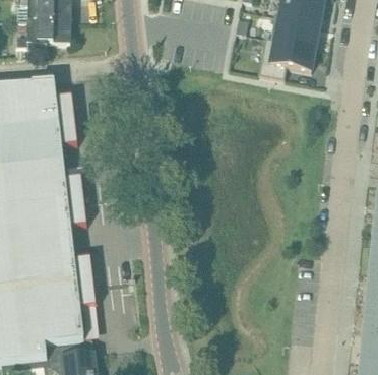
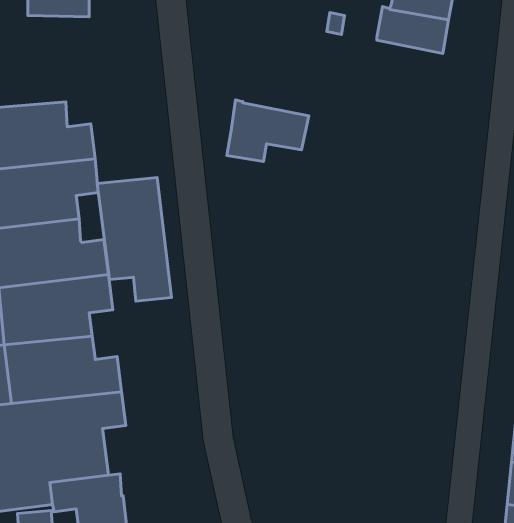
building: [16,17,71,45] -> none
building: [259,33,316,75] -> [227,100,309,161]
building: none -> [97,177,172,301]

